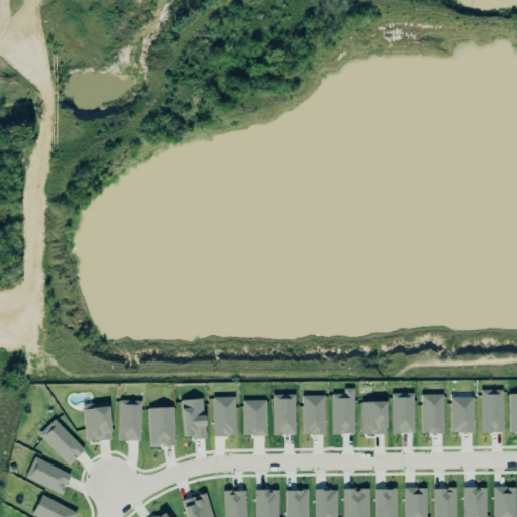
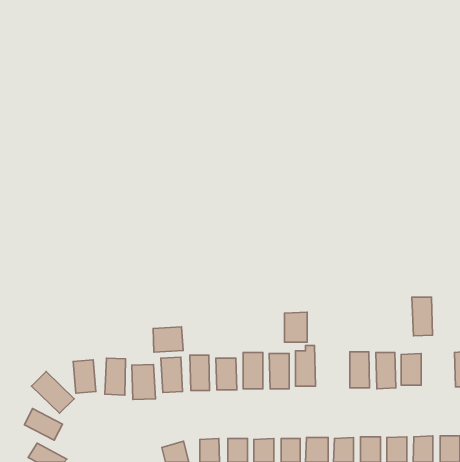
building: none -> [153,327,183,352]
building: [481,390,504,433] -> [412,297,432,336]
building: [361,401,387,434] -> [285,312,307,342]

